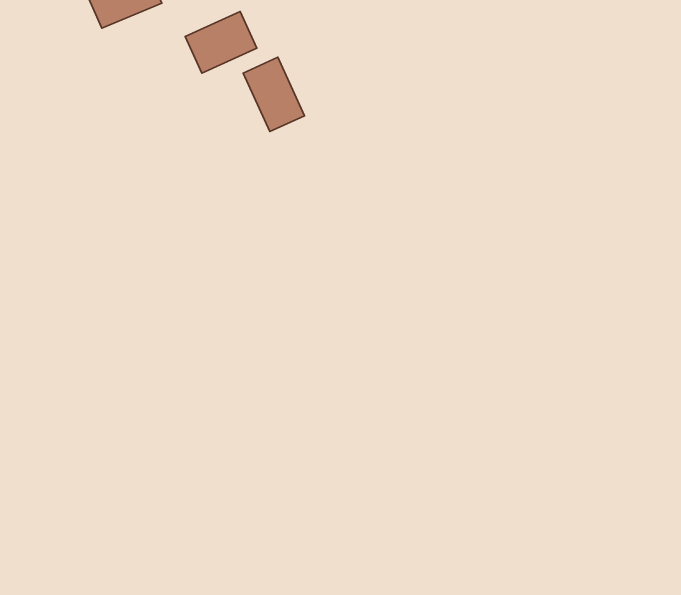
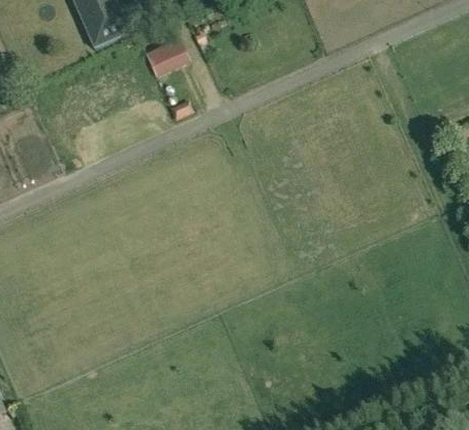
building: [243,57,305,132] -> none

